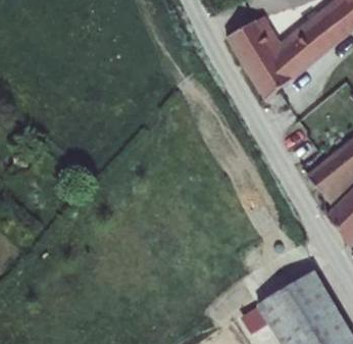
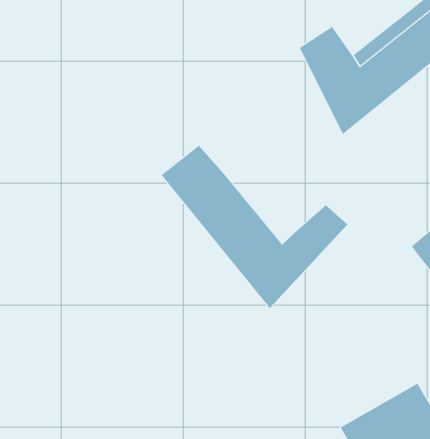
building: none -> [161,145,348,309]

